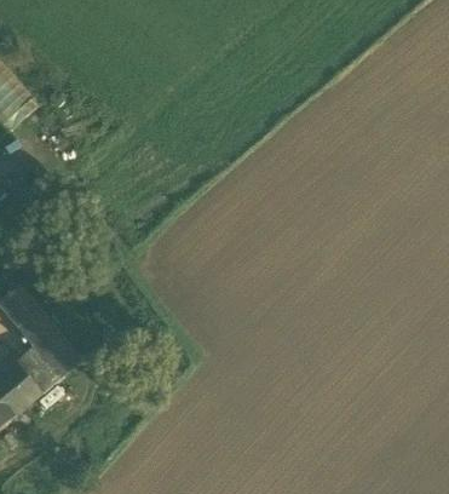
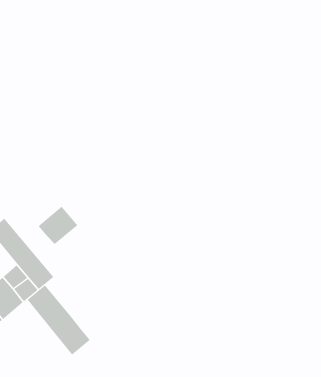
building: none -> [38,206,78,245]
building: none -> [27,284,90,355]

